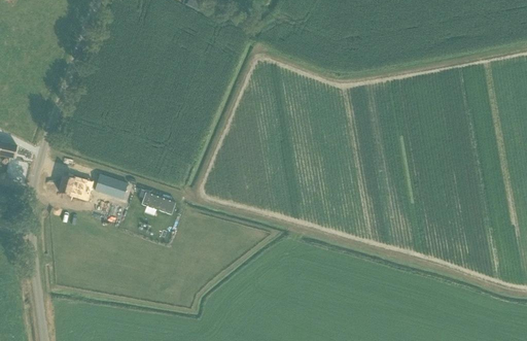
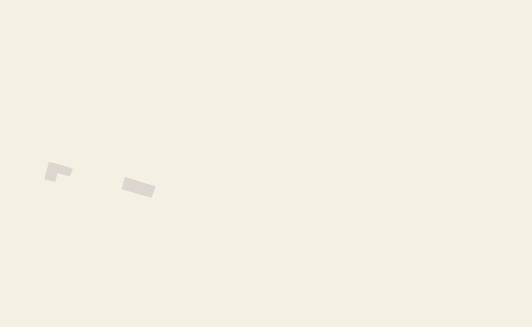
building: [96,175,128,199] -> none

